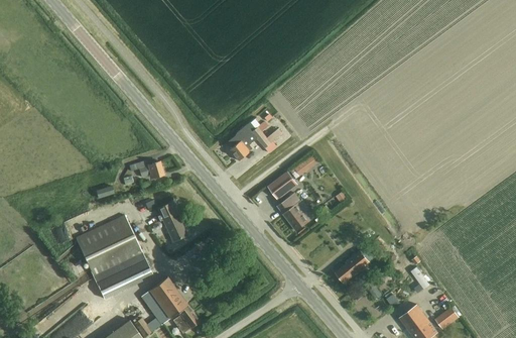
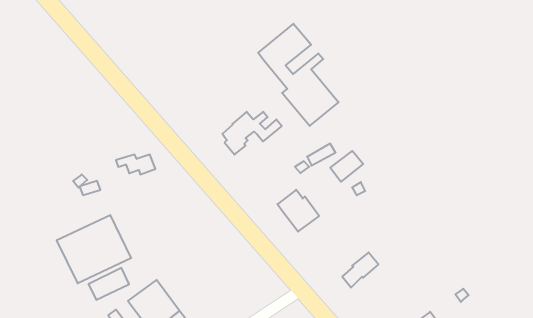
building: none -> [258,24,339,126]
building: [268,172,298,200] -> [330,151,363,182]
building: [156,202,186,241] -> none

